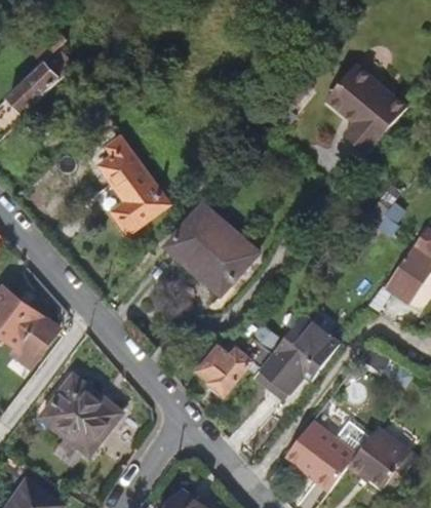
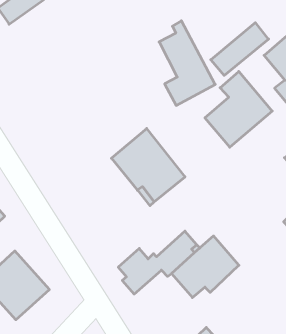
building: none -> [205,71,272,147]
building: [99,139,171,237] -> [159,21,215,105]

